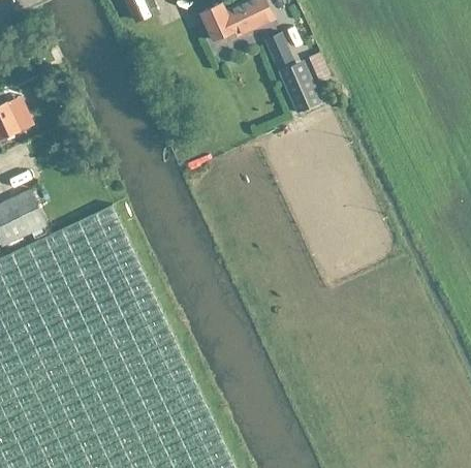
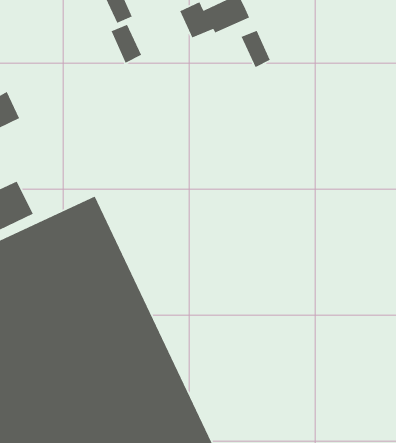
building: none -> [111,24,142,64]
building: [279,61,322,113] -> none

